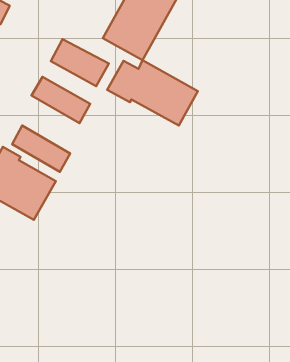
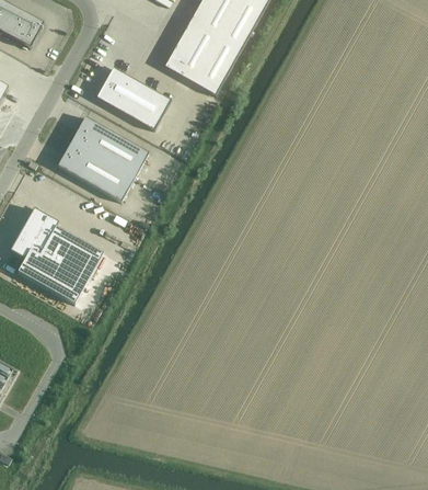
building: [107,60,198,125] -> none
building: [12,126,70,172] -> [57,139,132,200]

